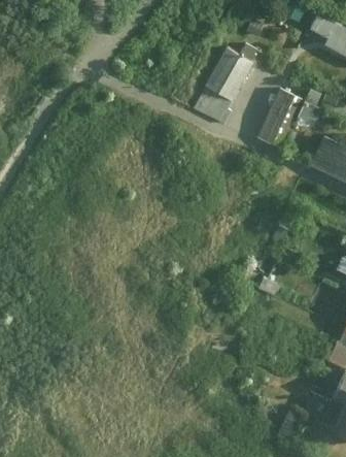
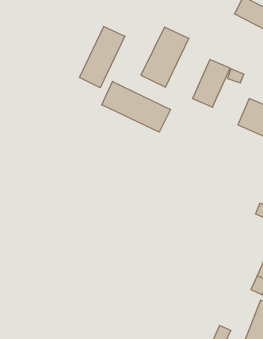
building: none -> [79,26,125,88]
building: none -> [102,81,171,132]

